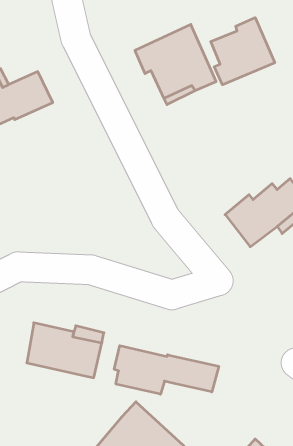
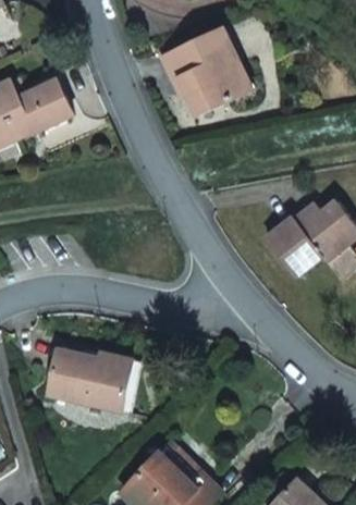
building: [211,18,275,85] -> none
building: [114,346,219,394] -> none

